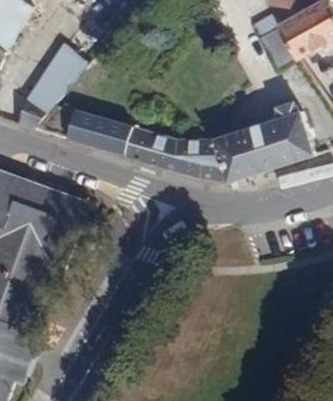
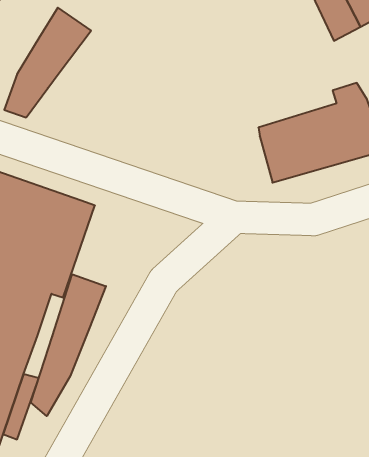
building: [34,105,230,181] -> none
building: none -> [31,274,106,416]

